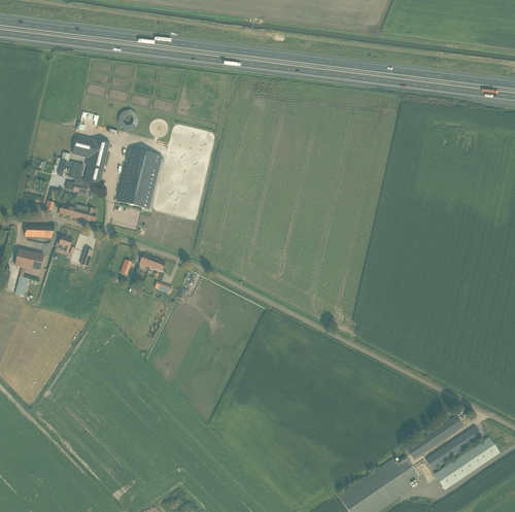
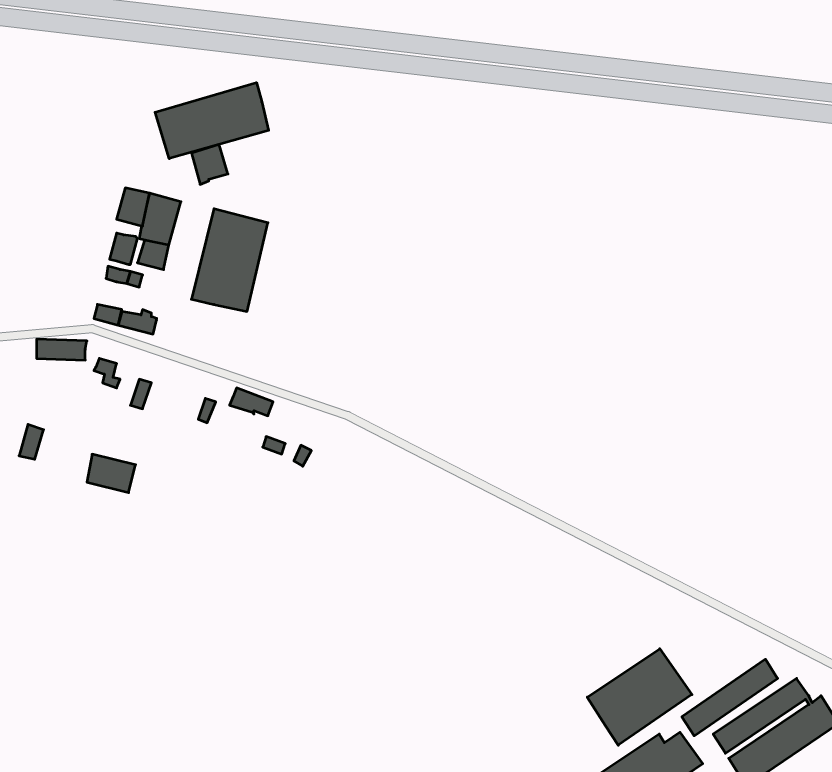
building: none -> [155,83,269,159]
building: [14,248,43,271] -> [87,454,136,493]
building: none -> [587,649,692,745]

